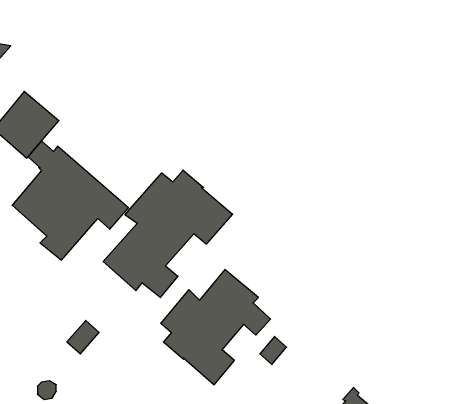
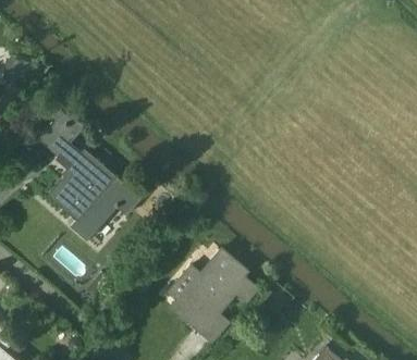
building: [103,170,233,298] -> none

